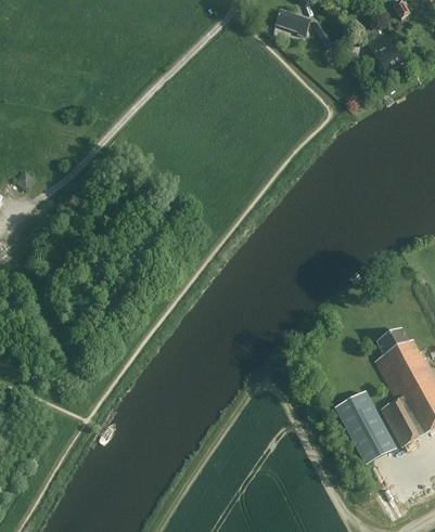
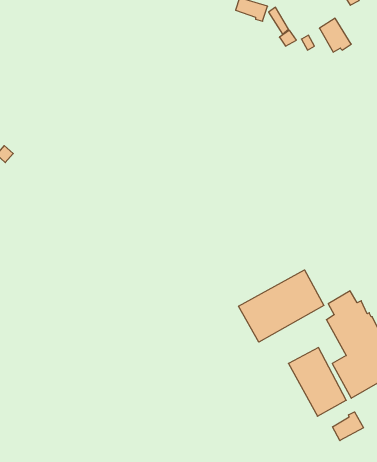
building: none -> [239,270,324,342]
building: none -> [333,412,363,441]

